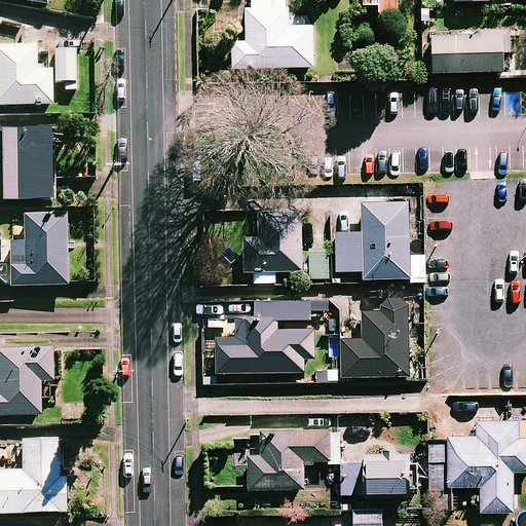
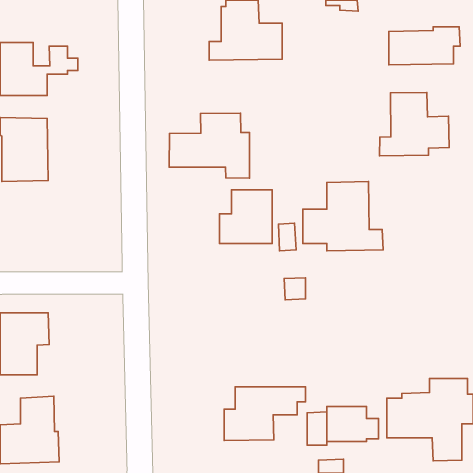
building: none -> [379,92,449,156]
building: none -> [169,113,250,178]
building: [11,215,68,287] -> none
building: [342,298,409,377] -> none
building: [216,299,315,372] -> none

